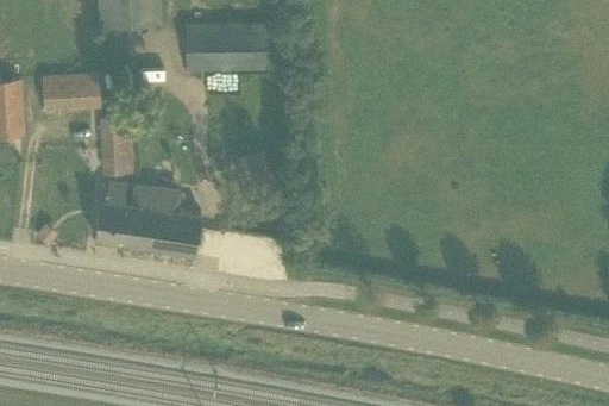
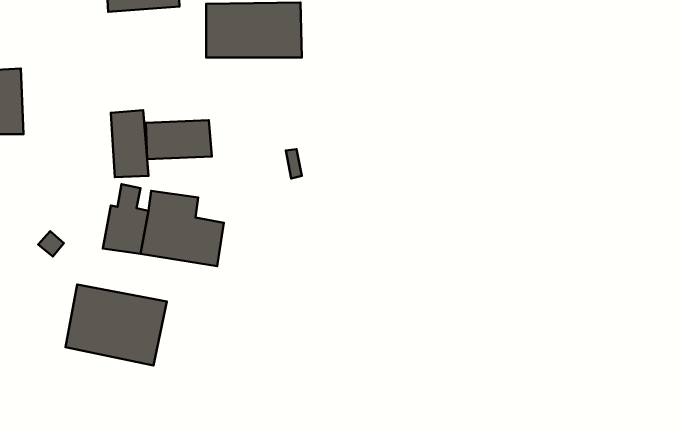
building: [43,73,101,107] -> [146,120,212,159]
building: none -> [65,285,167,365]

